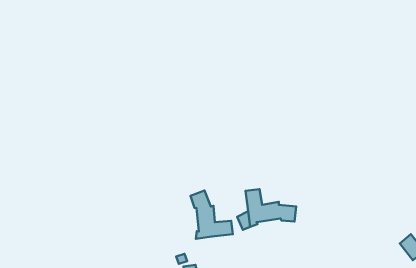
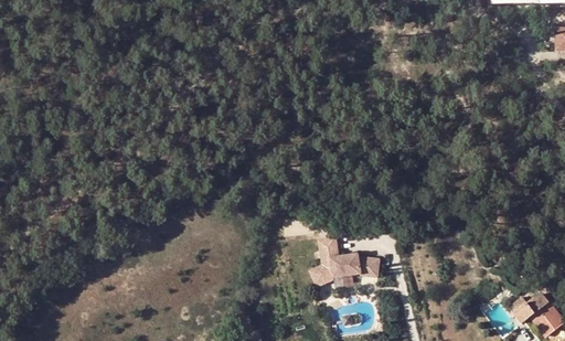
building: [190,191,233,239] -> none

